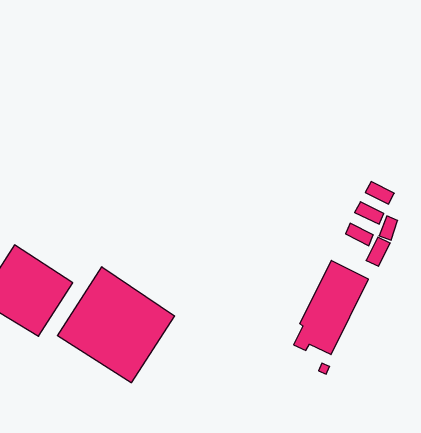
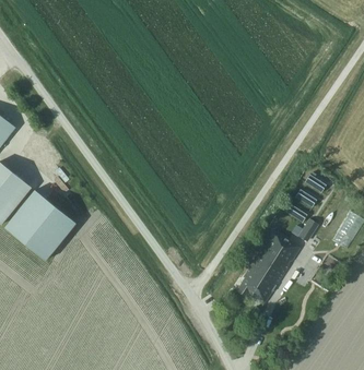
building: [57,267,175,383] -> none

